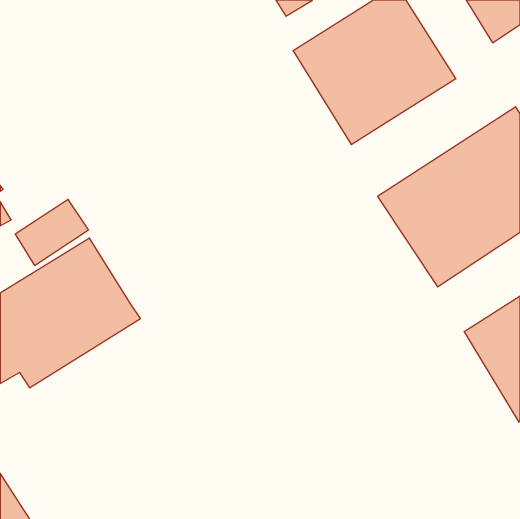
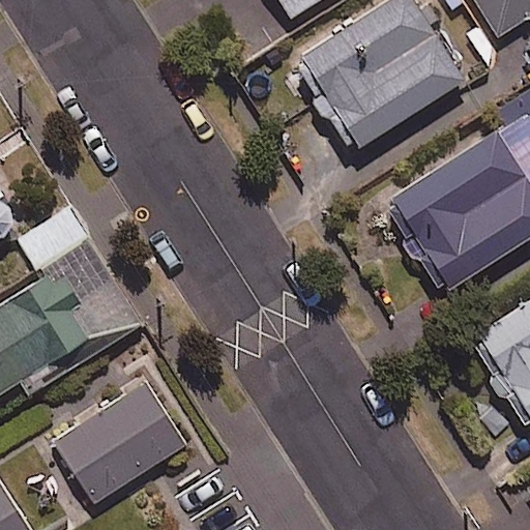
building: none -> [55,384,185,504]

